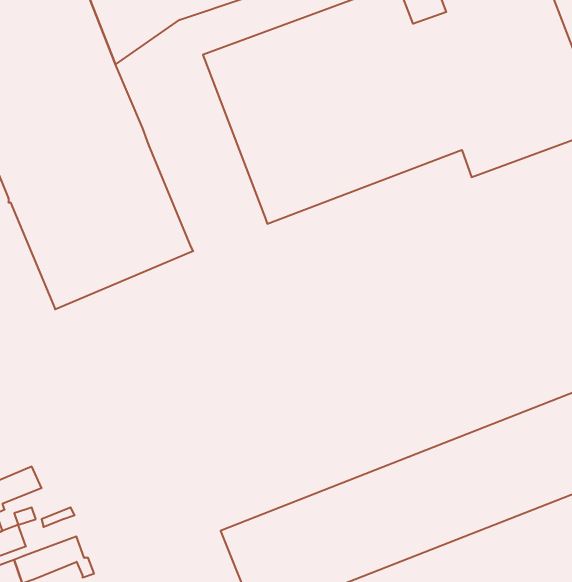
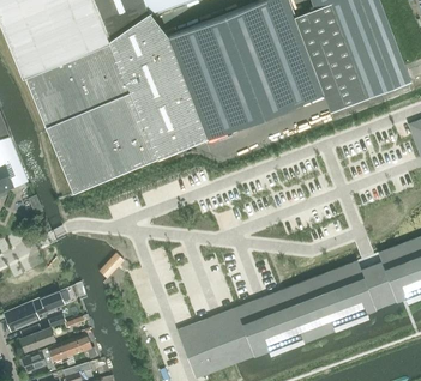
building: none -> [110,16,203,156]

